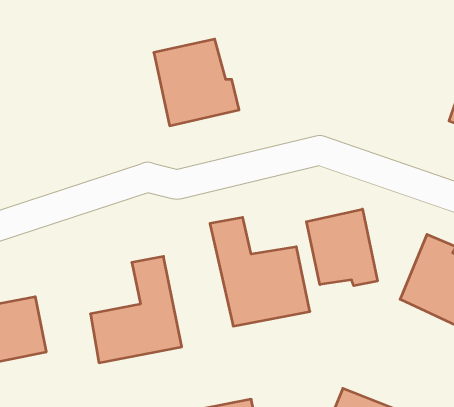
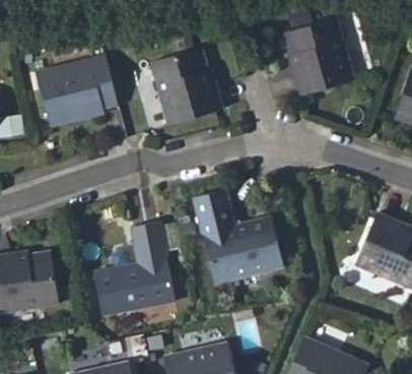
building: none -> [282,19,350,97]
building: none -> [36,53,118,124]
building: [306,209,377,286] -> none

